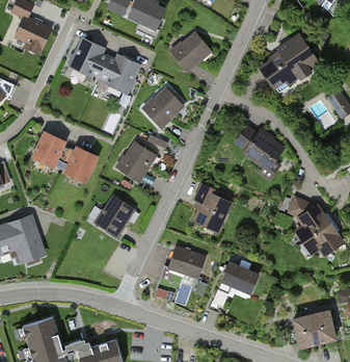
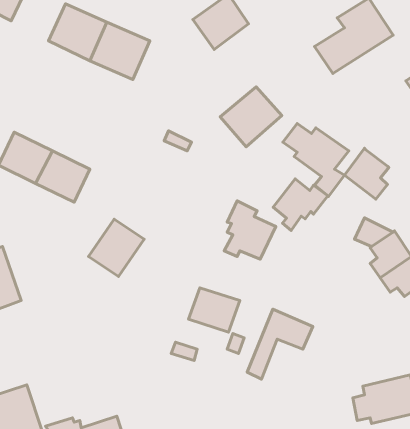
building: [141,85,186,129] -> [220,87,282,147]
building: [116,140,157,182] -> none
building: none -> [344,148,389,199]
building: none -> [273,179,328,230]

